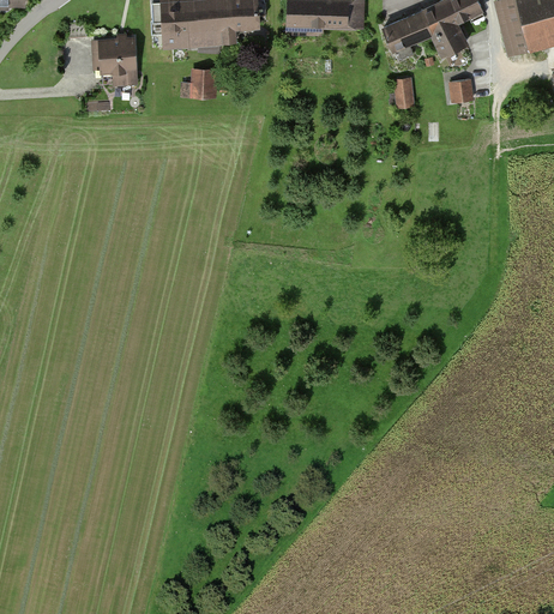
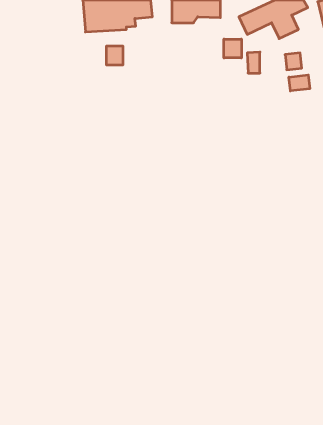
building: [91,34,137,83] -> none
building: none -> [224,39,241,58]
building: none -> [289,75,310,91]

